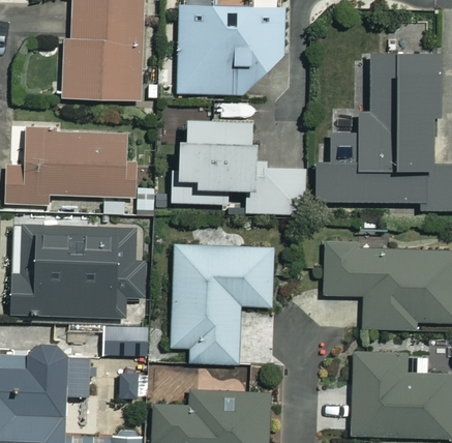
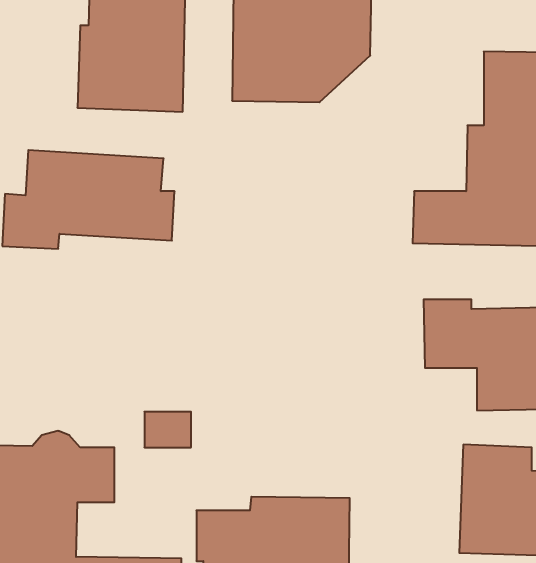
building: [173,119,305,214] -> none
building: [8,226,143,319] -> none
building: [173,246,272,363] -> none

